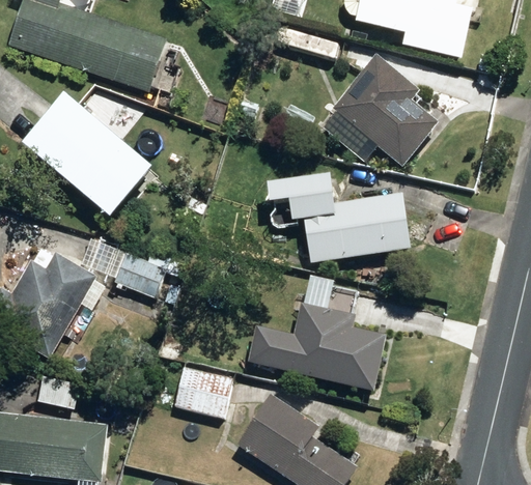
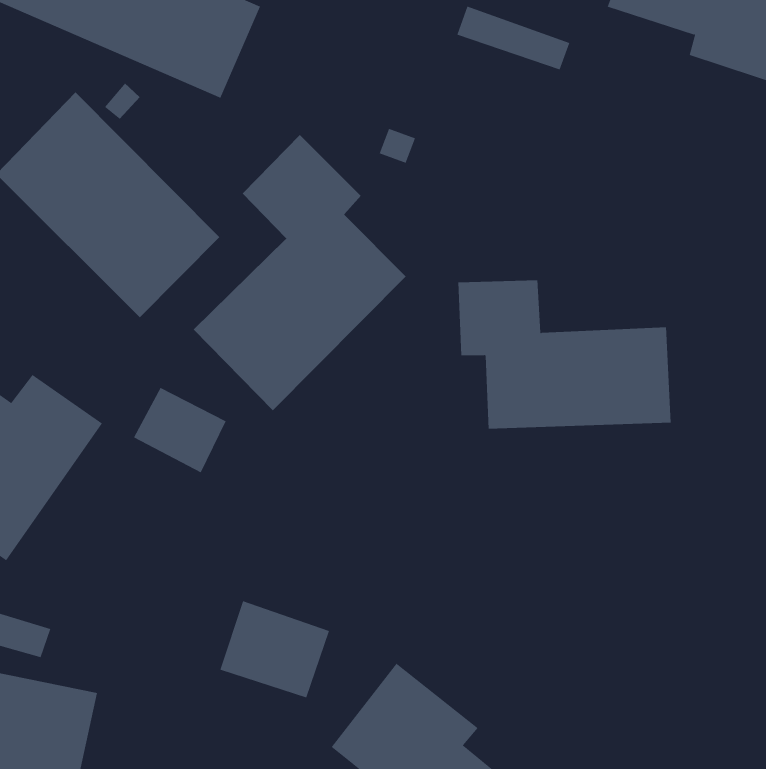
building: [333,56,437,165] -> none
building: none -> [193,134,406,411]
building: [248,277,385,391] -> none

